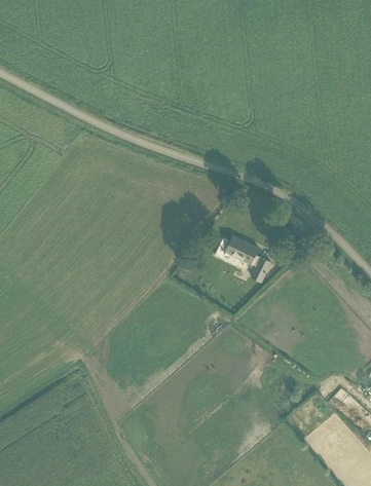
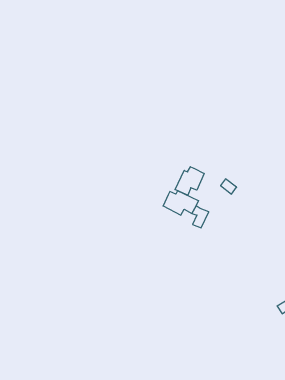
building: none -> [175,167,204,195]

